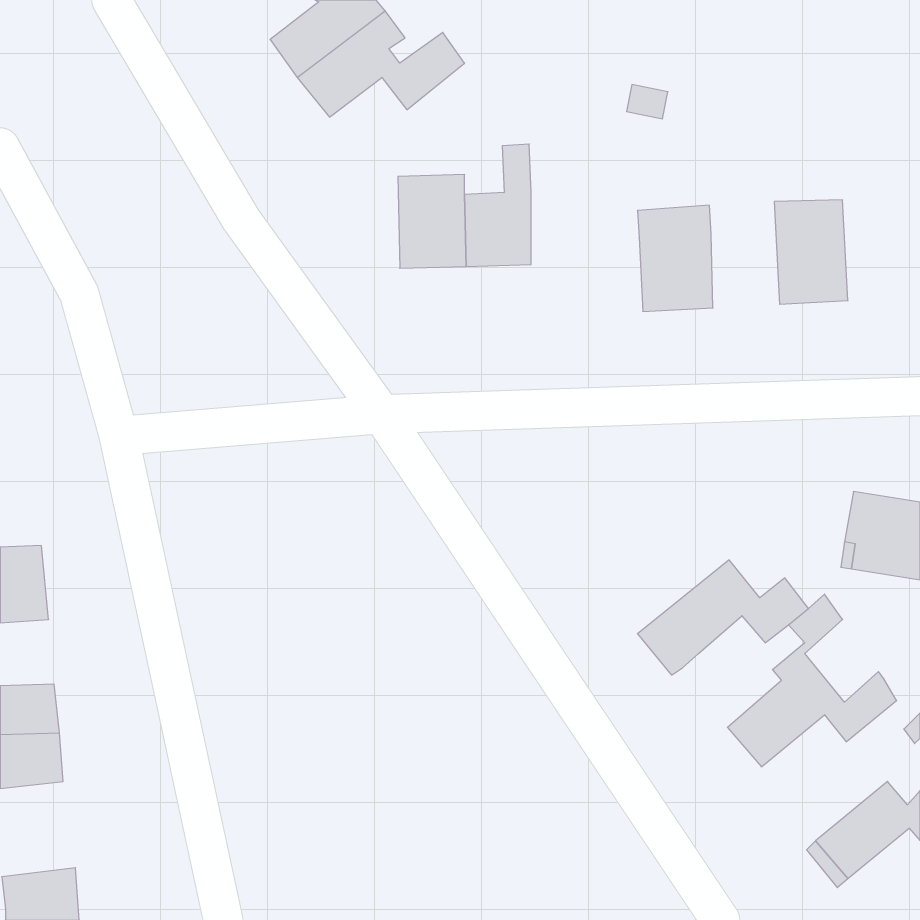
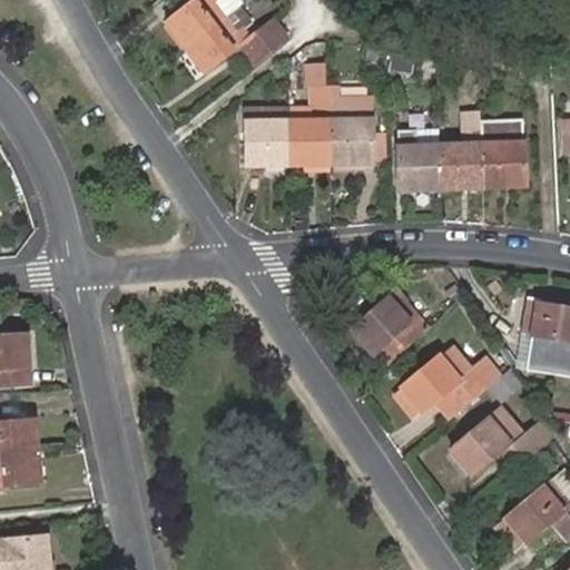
building: none -> [327,89,373,164]
building: none -> [440,116,482,190]
building: none -> [350,285,425,366]

